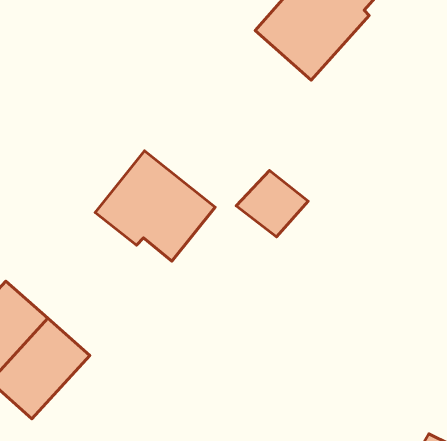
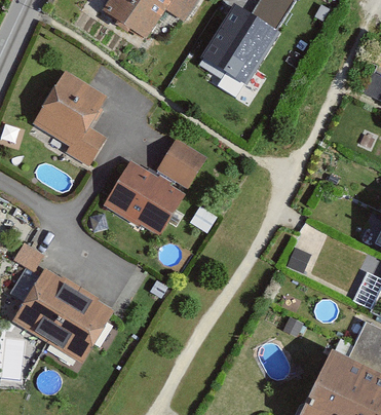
building: none -> [28,74,107,165]
building: [236,170,308,237] -> [153,138,203,184]

